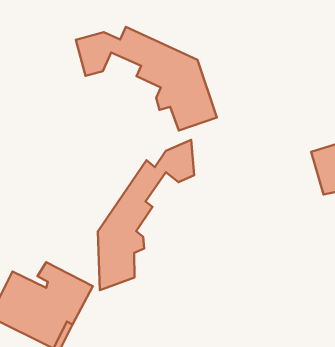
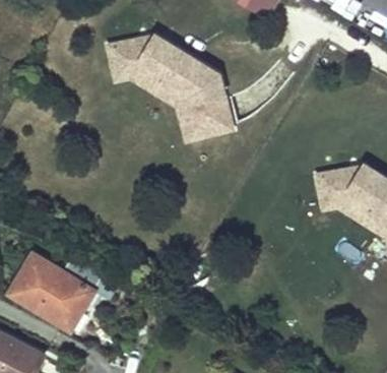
building: [98,140,194,290] -> none

